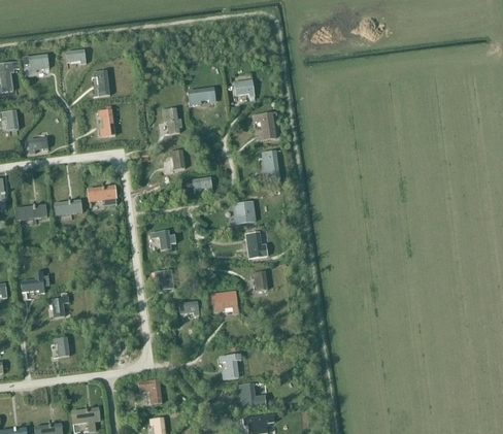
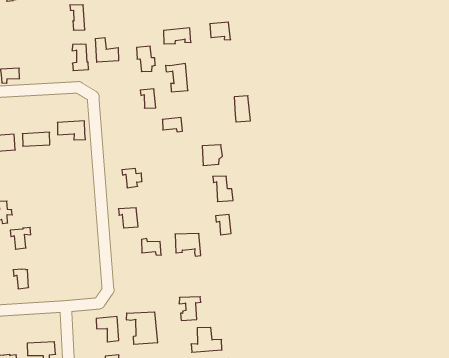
building: none -> [95,38,119,62]
building: [253,112,276,141] -> [166,64,188,92]
building: none -> [127,312,157,344]

